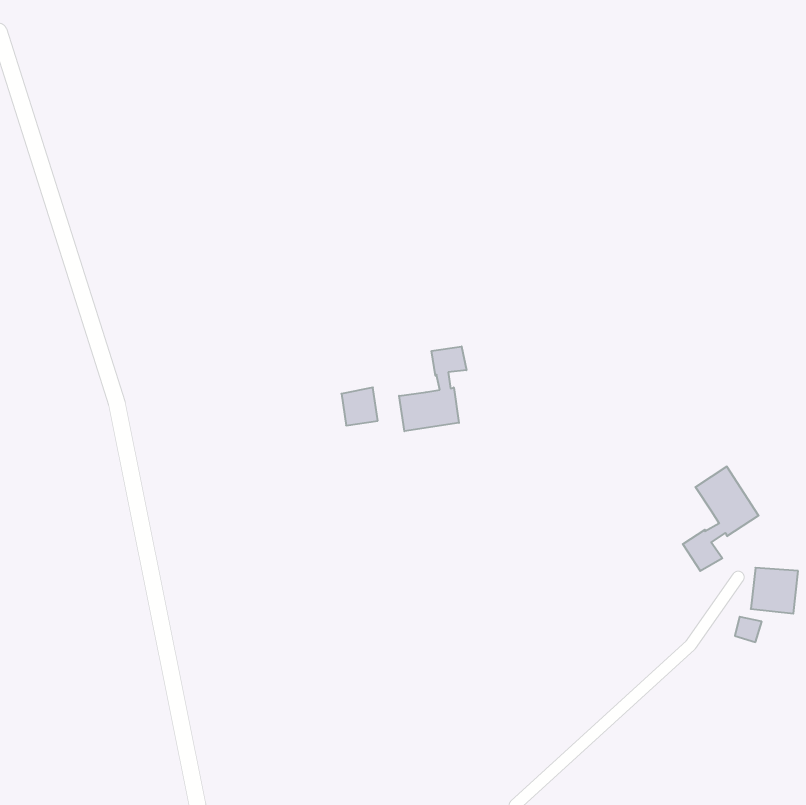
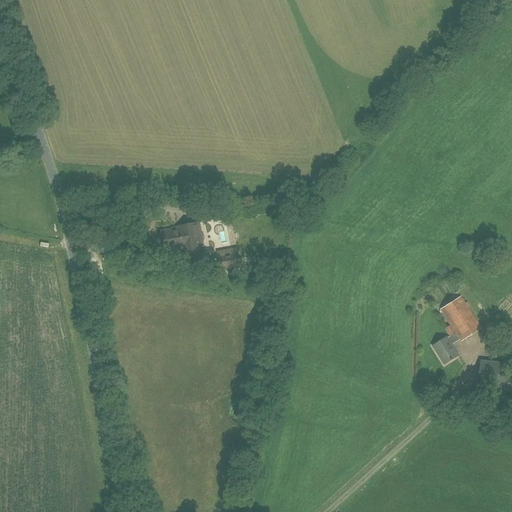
building: [399,346,466,431] -> none
building: none -> [160,221,204,263]

